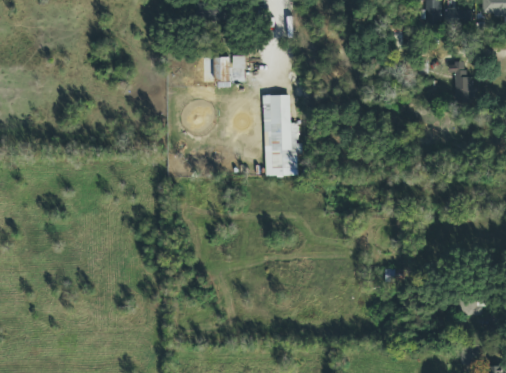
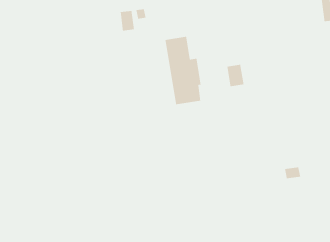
building: none -> [226,64,244,87]

